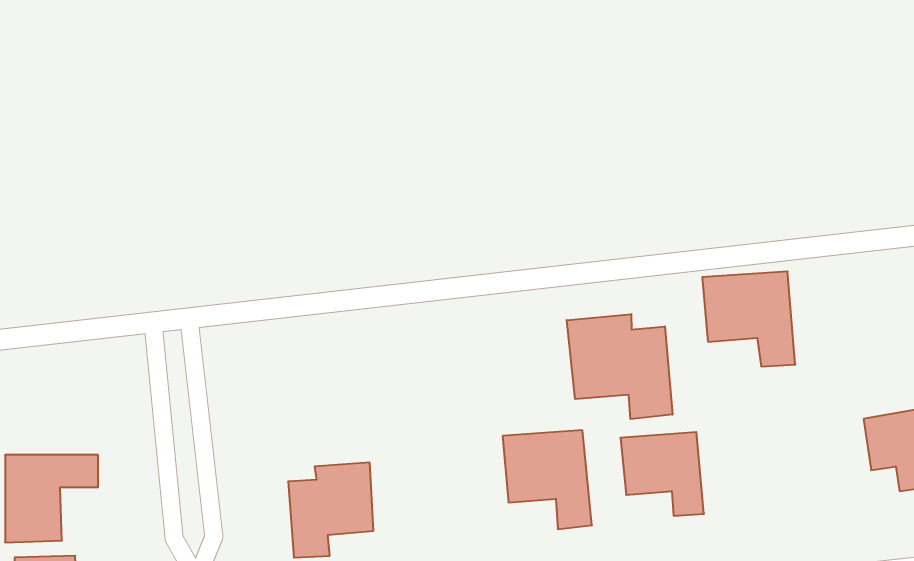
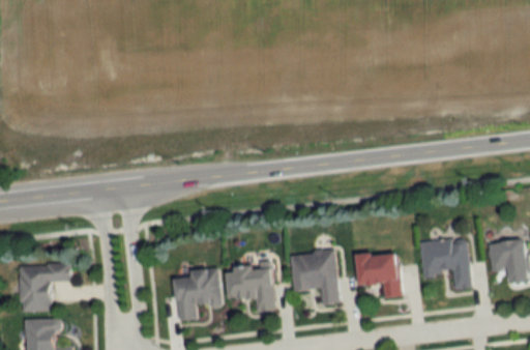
building: [702,271,795,366] -> [420,238,471,290]
building: [567,314,673,419] -> none
building: none -> [225,266,274,312]

